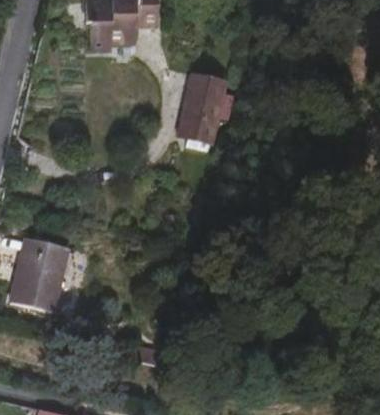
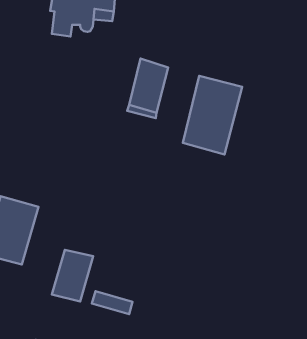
building: none -> [183,76,242,154]
building: none -> [52,250,93,302]

